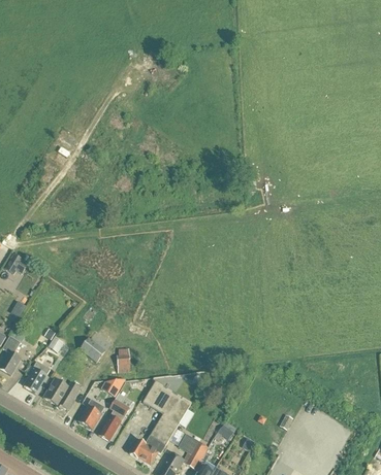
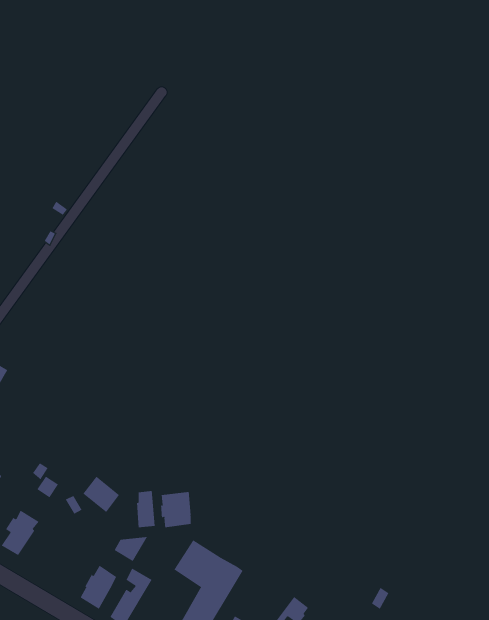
building: none -> [160,491,191,528]
building: [42,377,80,408] -> none

